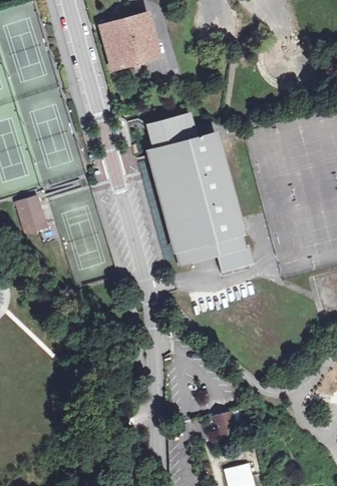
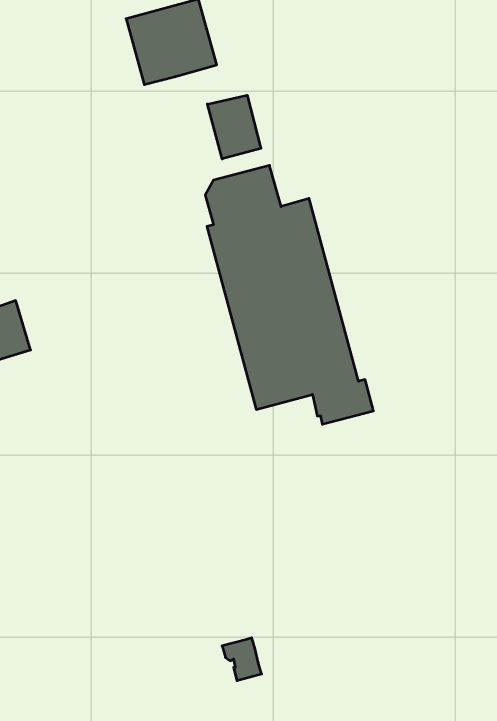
building: none -> [207,95,261,159]
building: [210,412,234,438] -> [222,638,262,681]

